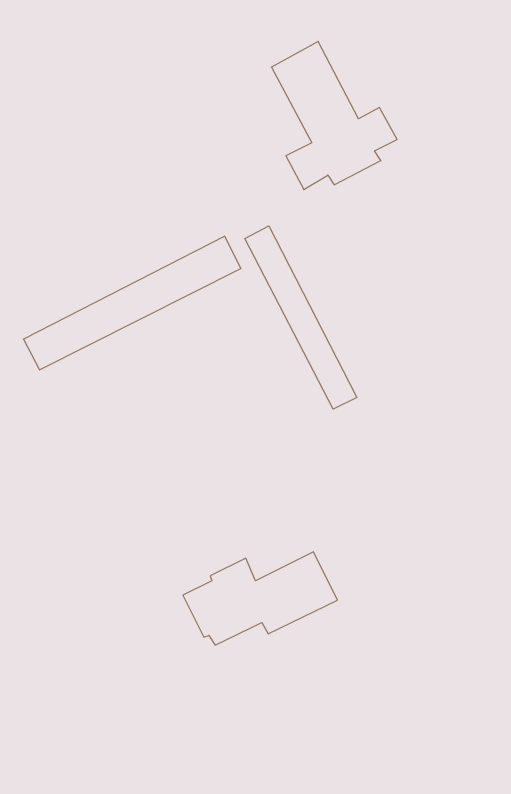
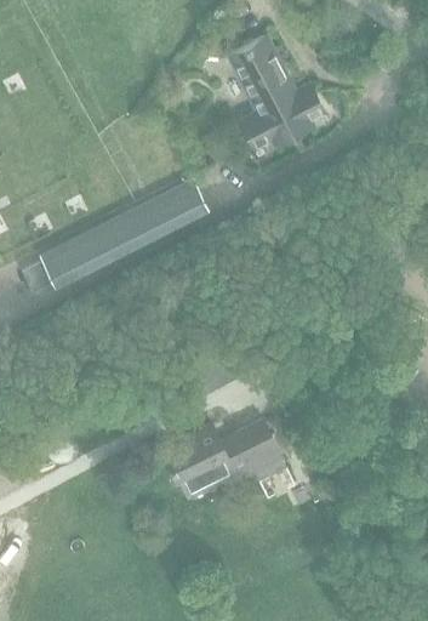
building: [245,226,357,409] -> none

